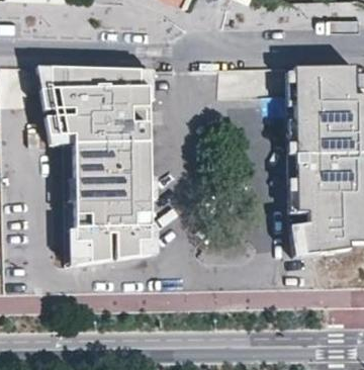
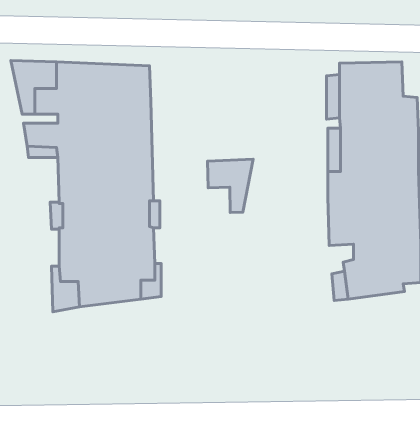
building: none -> [208,159,253,212]

